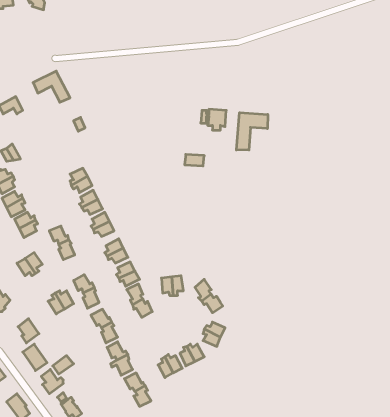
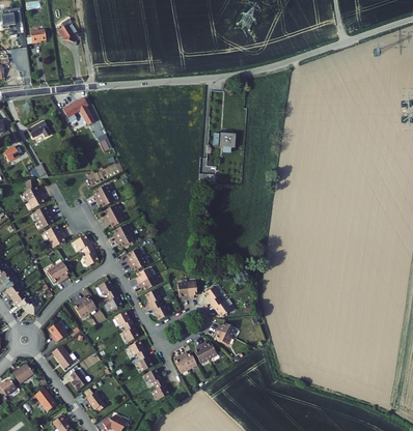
building: [236,113,268,150] -> none

